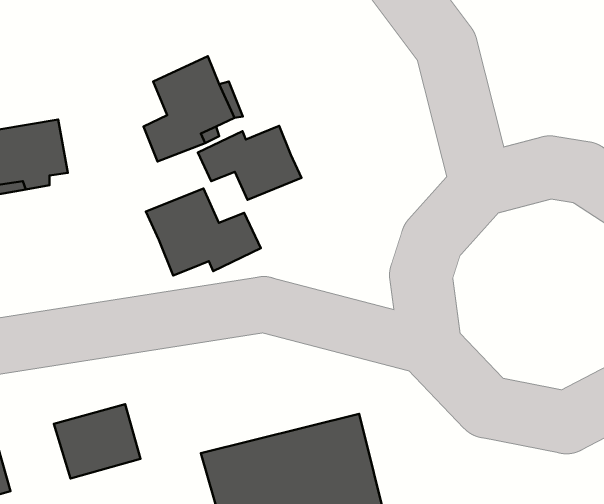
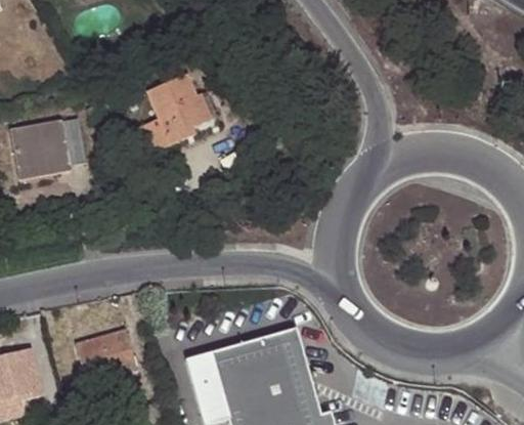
building: [198,126,302,200] -> none
building: [146,188,261,275] -> none

